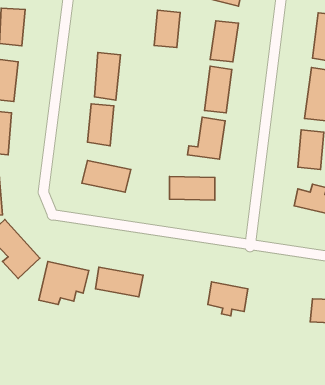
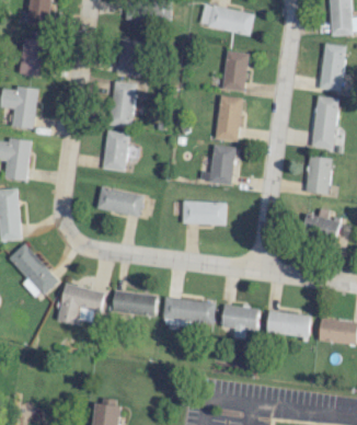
building: [154,10,180,48] -> [117,39,142,76]
building: none -> [162,297,215,326]
building: none -> [266,312,310,337]

